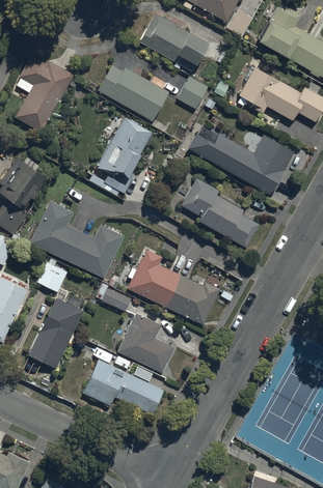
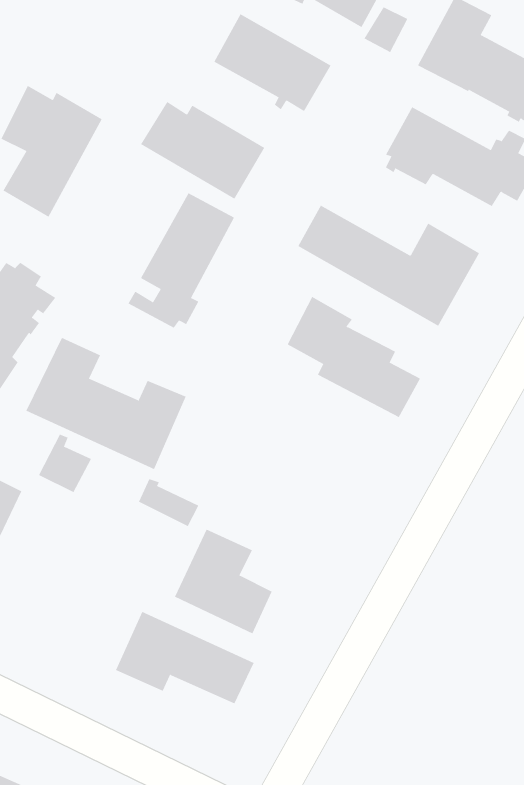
building: [178,76,208,108] -> none
building: [127,249,219,324] -> none
building: [29,297,84,368] -> none

